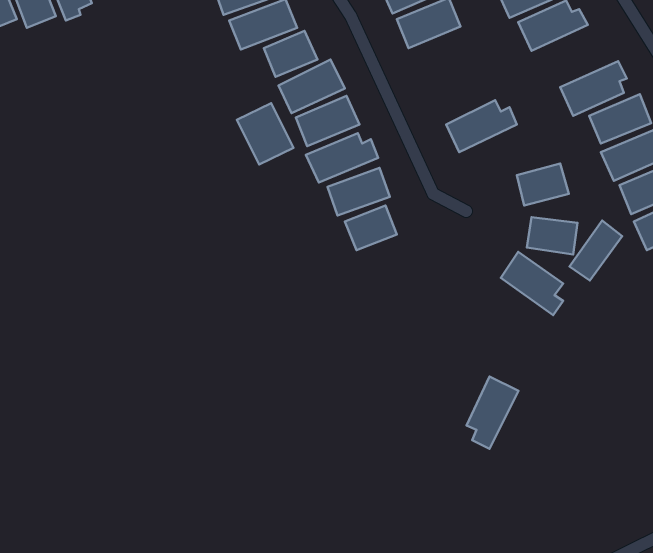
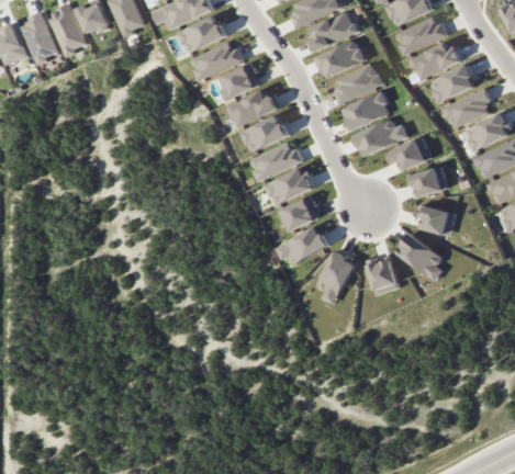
building: none -> [333,64,383,102]
building: none -> [428,64,477,103]
building: none -> [343,92,391,131]
building: [237,103,293,165] -> none
building: none -> [384,138,432,171]
building: [570,221,622,281] -> none
building: none -> [278,225,328,268]
building: none -> [368,257,398,294]
building: [466,377,518,449] -> [316,250,356,305]

